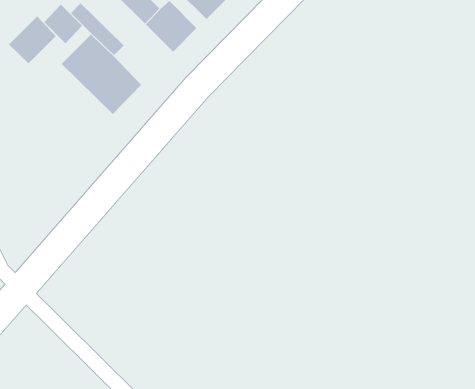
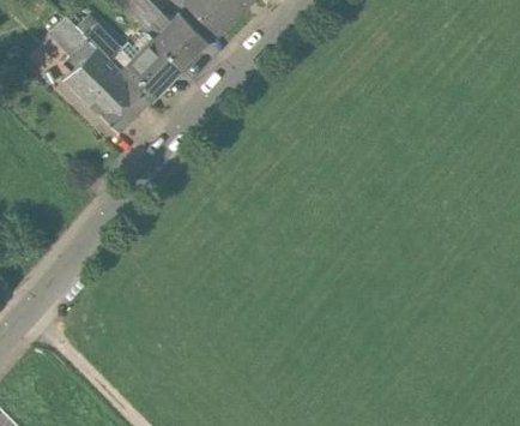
building: [8,15,57,64] -> none
building: none -> [121,40,182,102]

